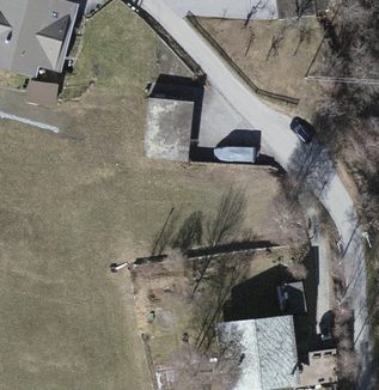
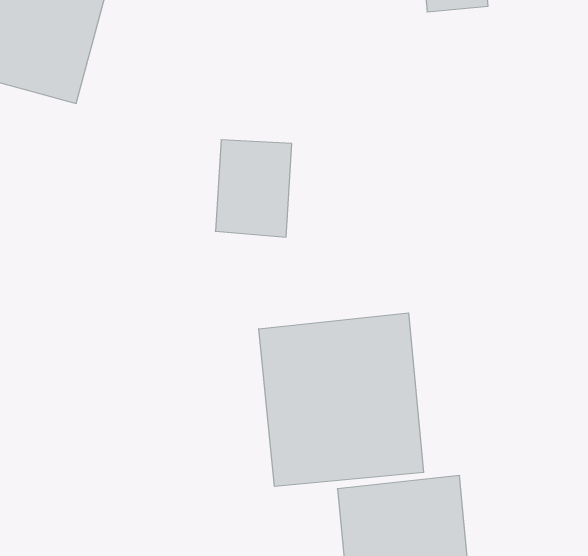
building: none -> [259,313,424,486]

